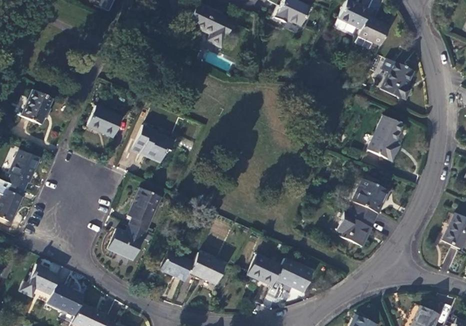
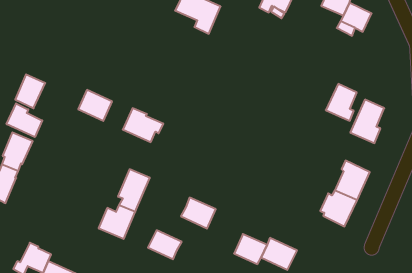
building: [381,62,413,100] -> [326,84,357,121]
building: none -> [7,103,42,137]
building: [189,253,225,285] -> [181,198,216,229]

